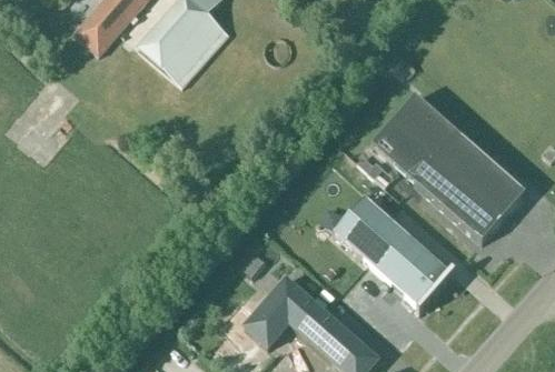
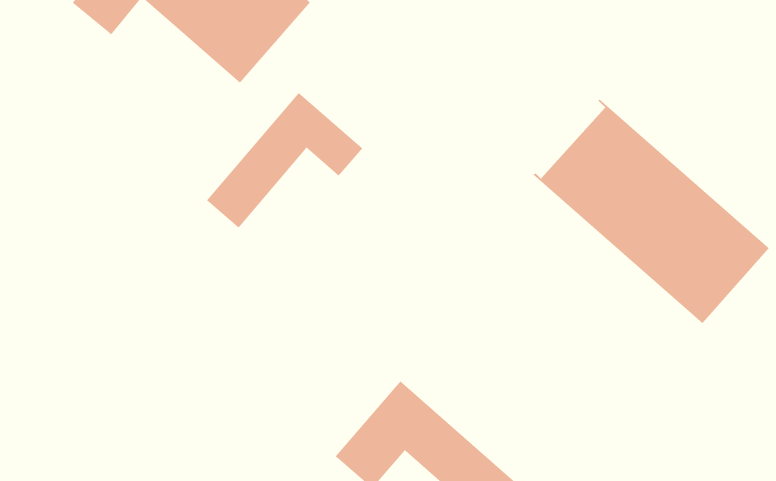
building: none -> [206,92,363,229]
building: [335,198,455,311] -> none

